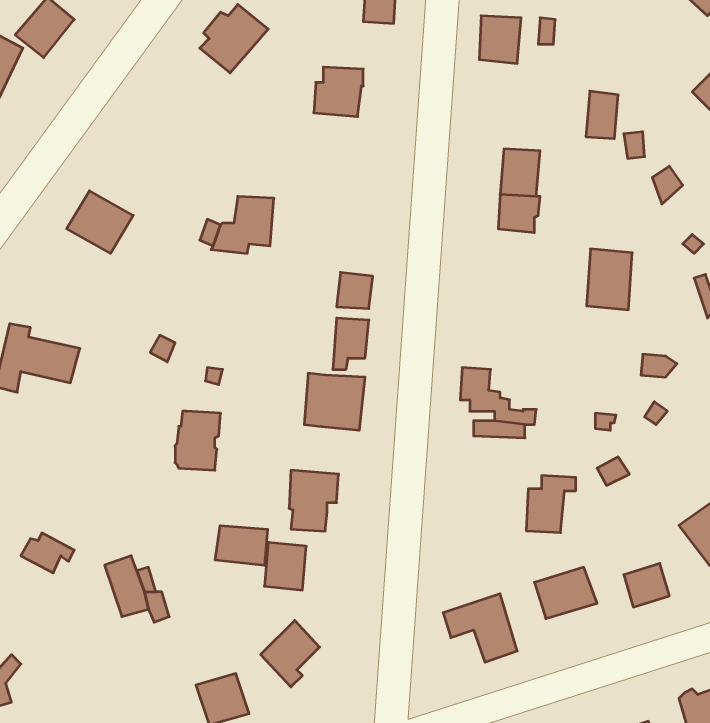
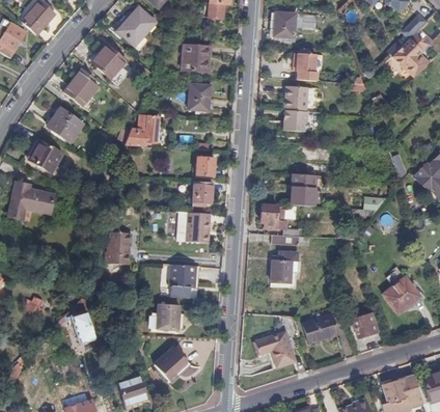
building: none -> [94,44,130,82]
building: [586,91,618,139] -> [298,55,315,81]
building: none -> [64,68,100,106]
building: none -> [190,80,212,108]
building: [587,249,632,310] -> [290,173,314,207]
building: none -> [30,142,63,173]
building: [526,476,576,533] -> [270,252,297,283]
building: [215,526,268,565] -> none

